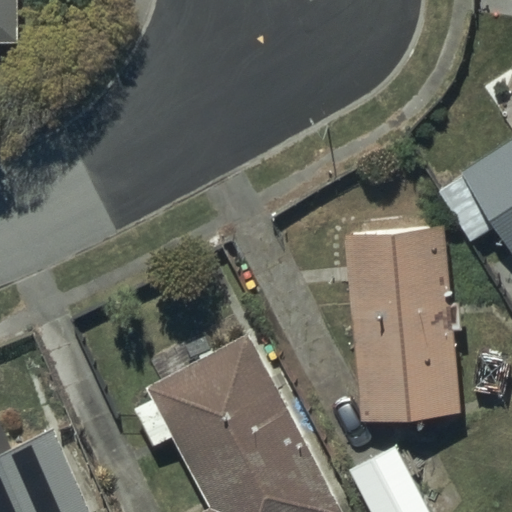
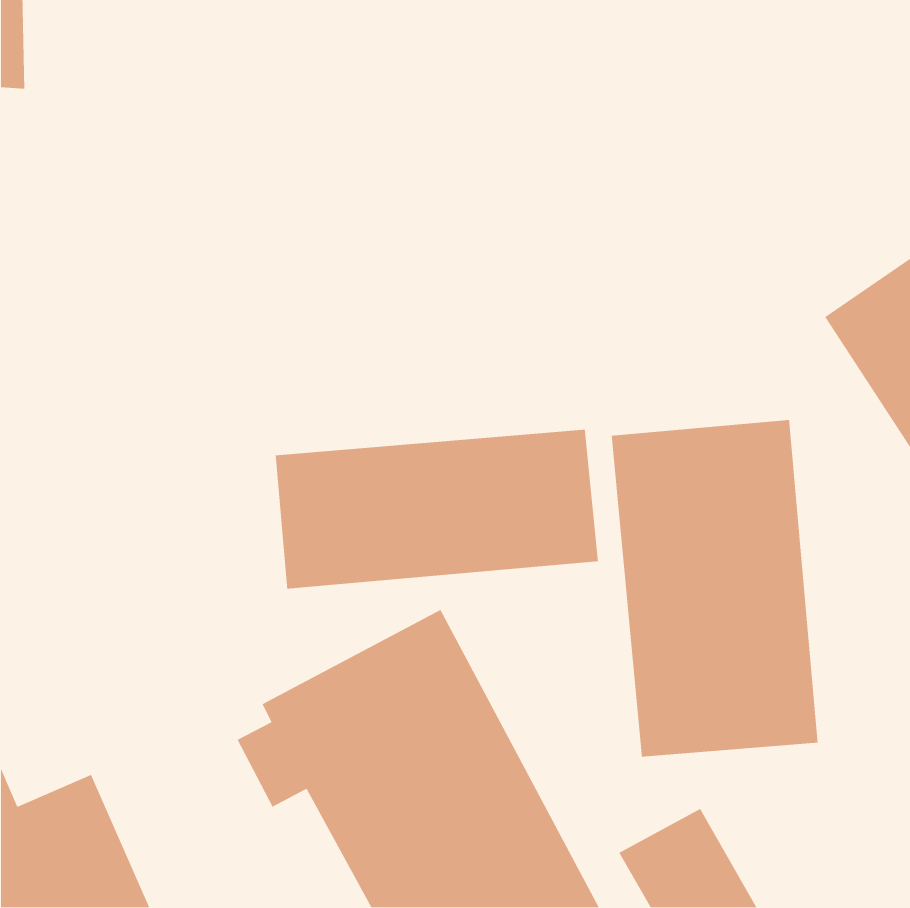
building: none -> [275,429,599,590]

